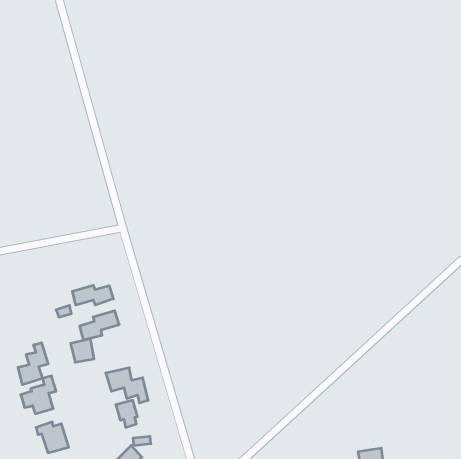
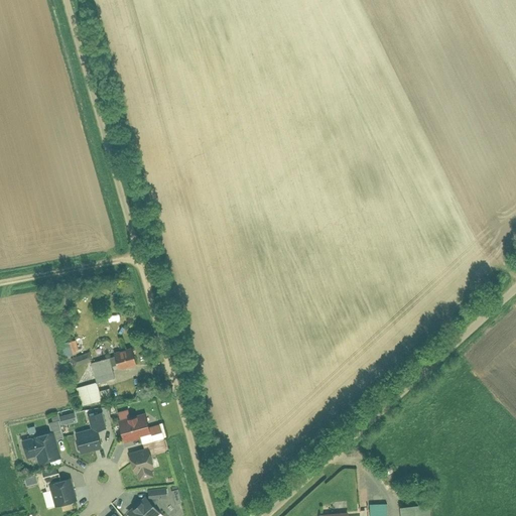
building: [72,285,113,305] -> none
building: [18,343,48,385] -> none
building: none -> [76,426,106,457]

